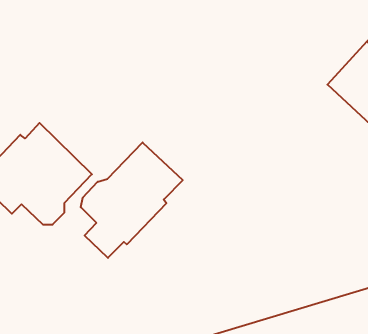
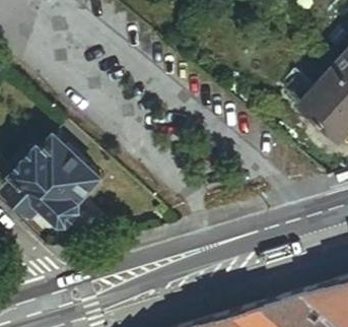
building: [81,142,183,258] -> none

